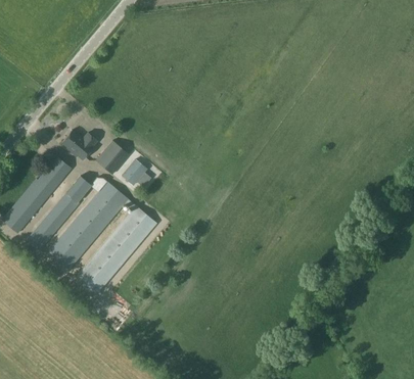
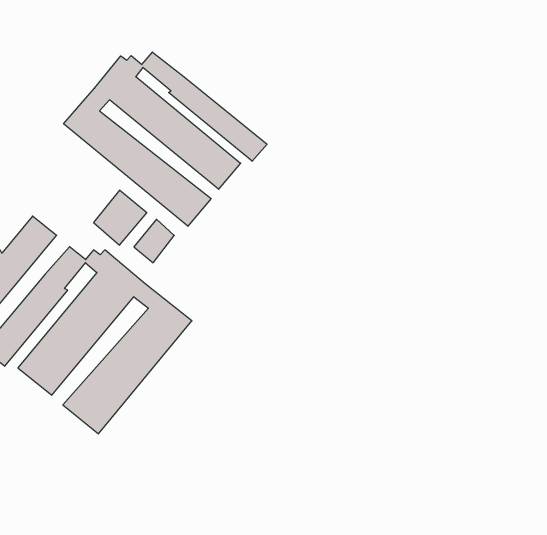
building: none -> [64,52,267,226]
building: [62,129,97,158] -> none

